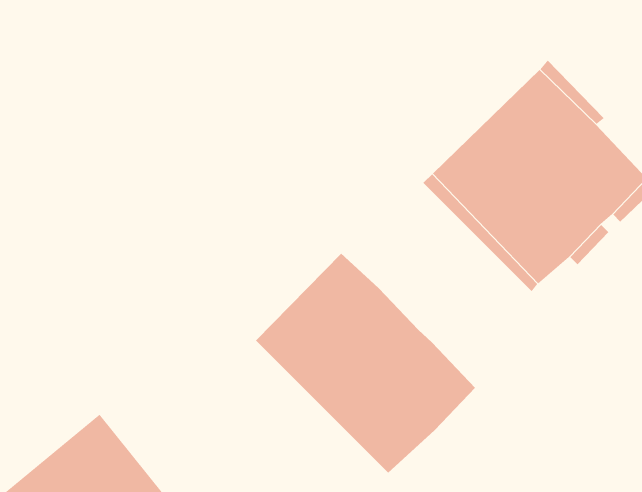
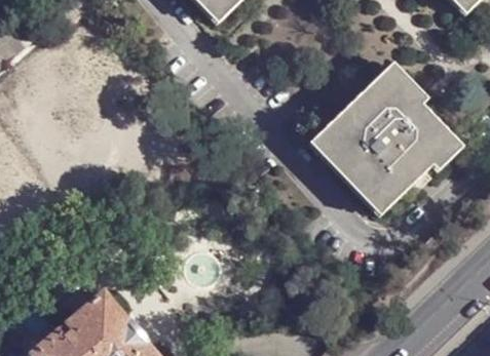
building: [255,253,476,473] -> none

